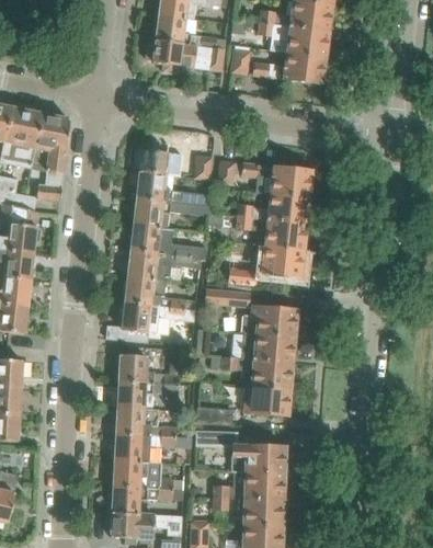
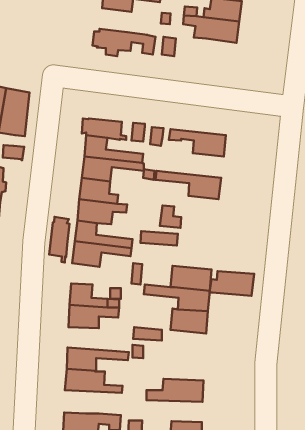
building: [156,13,216,46] -> none
building: [253,50,324,82] -> none
building: [237,192,309,222] -> none
building: [257,244,303,275] -> none
building: none -> [49,217,69,263]
building: [242,305,297,335] -> [210,271,254,296]
building: [116,407,178,436] -> none
building: [235,443,285,472] -> none
building: [112,484,183,513] -> none
building: [214,496,283,524] -> none

